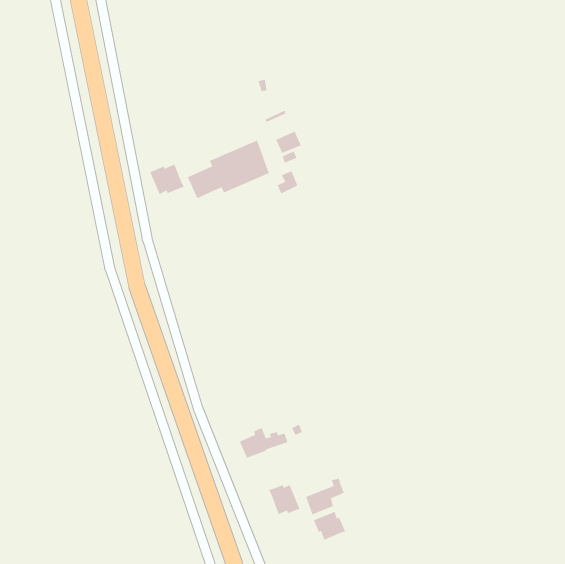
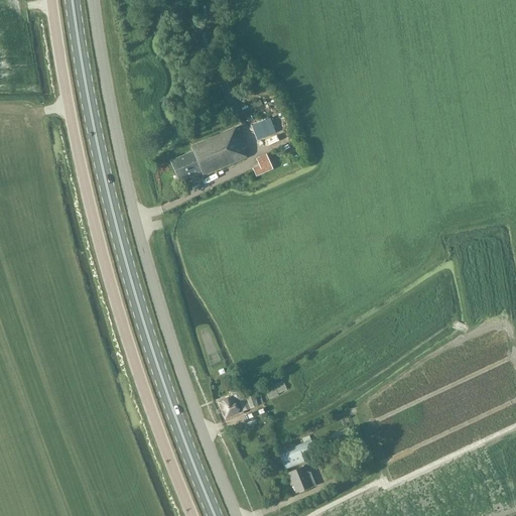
building: [149,164,185,195] -> none
building: [268,484,300,515] -> none

